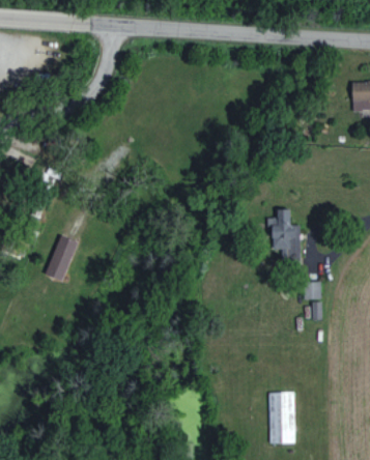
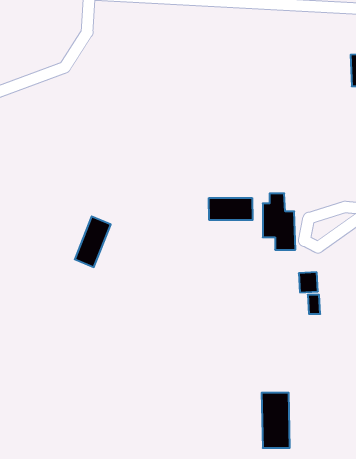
building: none -> [209,198,253,220]
building: [45,235,78,282] -> [75,216,111,267]

